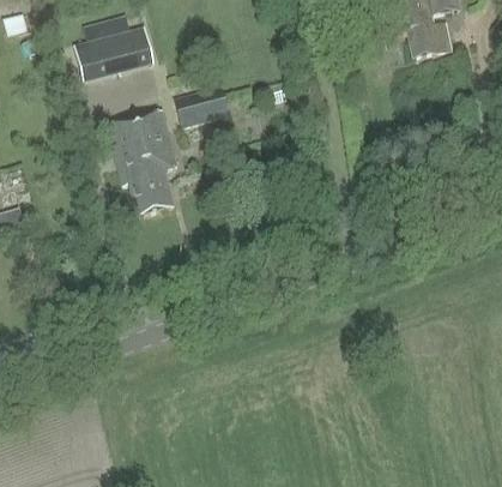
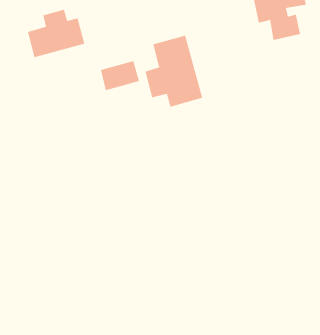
building: none -> [145,35,203,107]
building: [105,109,175,216] -> none

